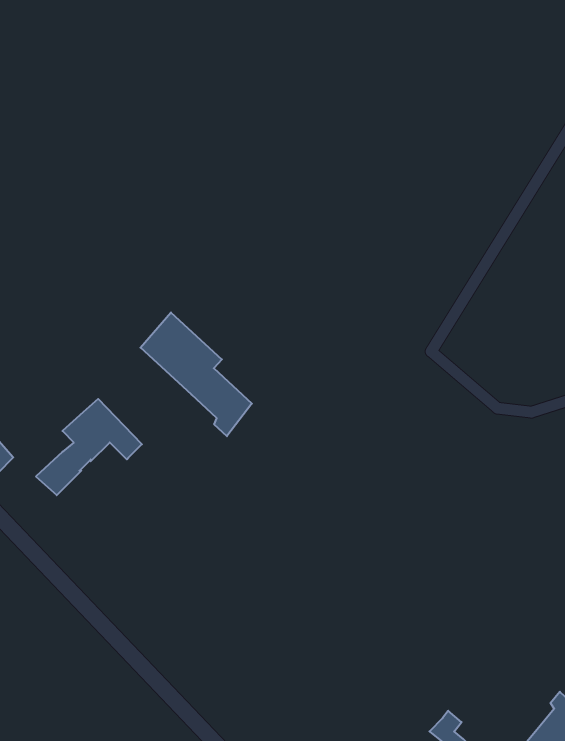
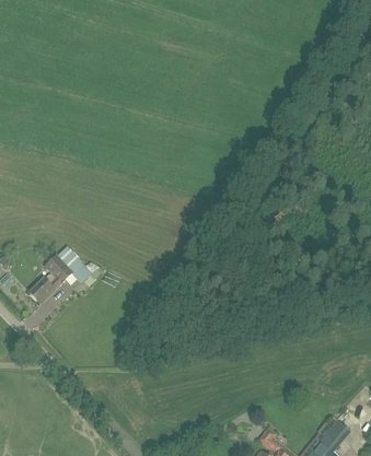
building: [140,312,252,436] -> none

